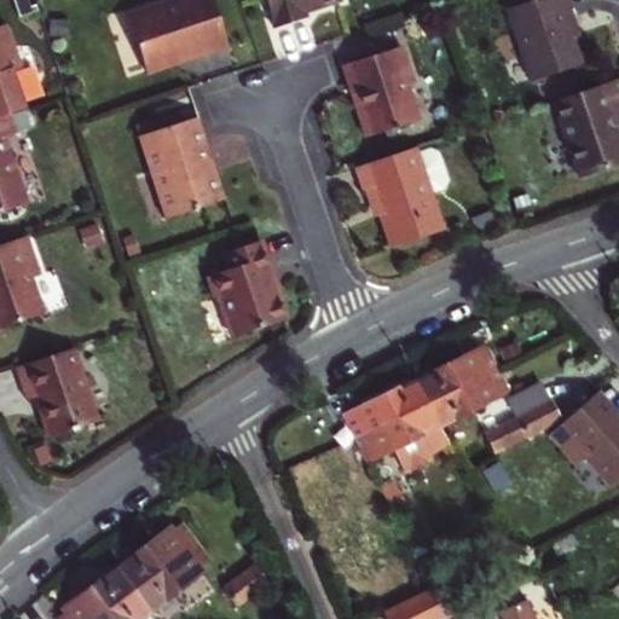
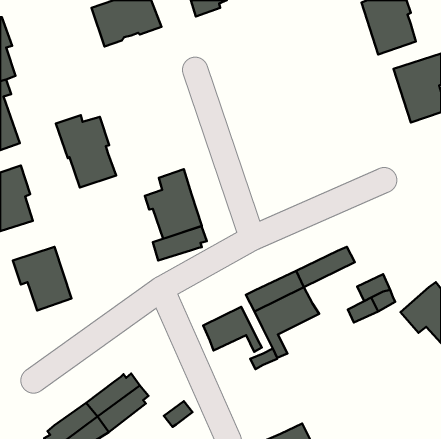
building: [345,40,417,132] -> none
building: [134,115,219,216] -> [56,115,116,187]
building: [360,138,447,244] -> none
building: none -> [153,226,207,261]
building: [426,370,508,428] -> none
building: none -> [203,307,262,352]

